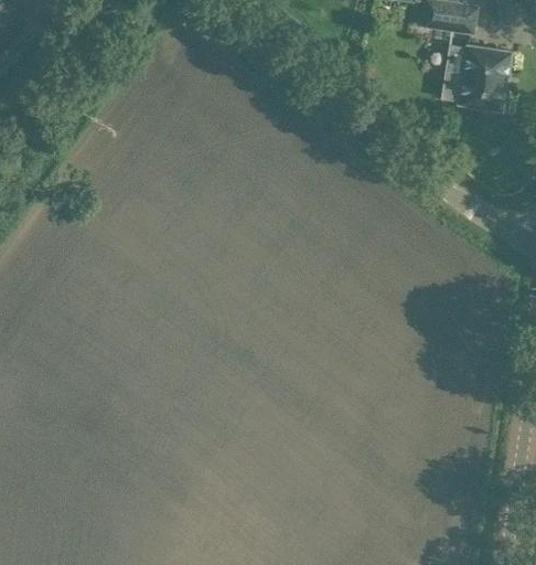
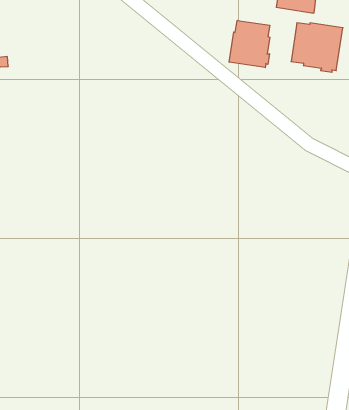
building: none -> [229,20,270,68]

